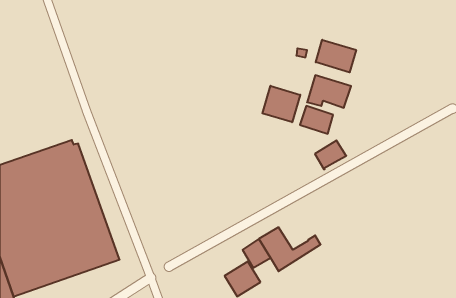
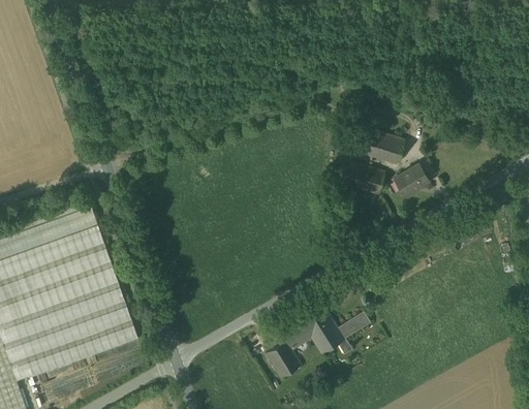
building: [316,40,356,72] -> none
building: [262,86,300,122] -> none
building: [315,140,346,169] -> [394,164,430,197]

